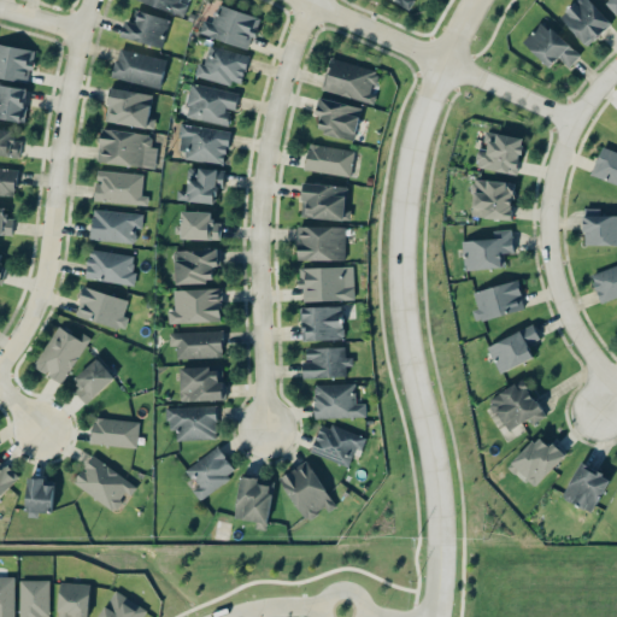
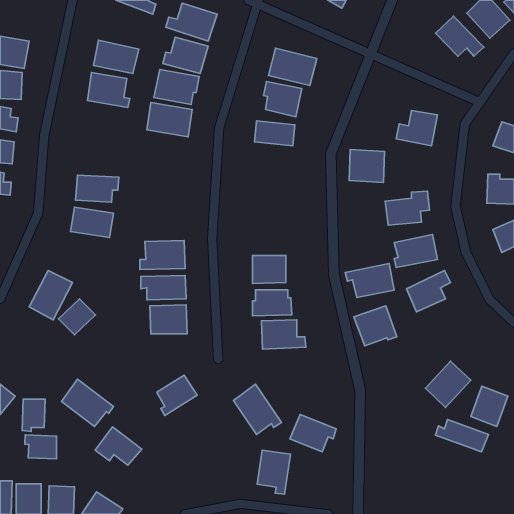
building: [122,11,169,47] -> none
building: [96,128,158,169] -> none
building: [177,168,224,202] -> none
building: [95,170,147,204] -> none
building: [472,180,515,219] -> [349,149,384,183]
building: [300,182,351,222] -> none
building: [181,211,221,240] -> none
building: [298,225,346,260] -> none
building: [175,251,221,283] -> none
building: [300,266,354,301] -> none
building: [75,286,128,329] -> none
building: none -> [345,264,394,297]
building: [490,382,542,430] -> [354,306,397,346]
building: [165,405,217,440] -> none
building: [92,418,139,447] -> none
building: [310,422,365,466] -> [290,415,336,452]
building: [234,476,274,529] -> [257,450,290,494]
building: none -> [435,419,488,452]
building: none -> [95,427,142,465]
building: none -> [25,435,57,459]

